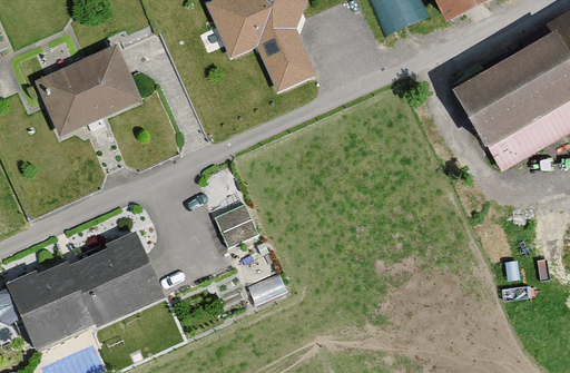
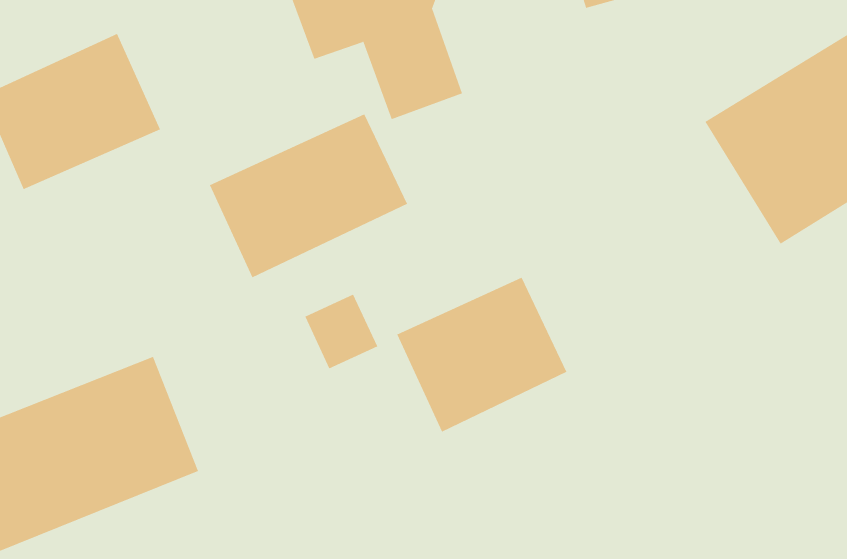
building: none -> [209,114,408,278]
building: none -> [396,277,567,432]

